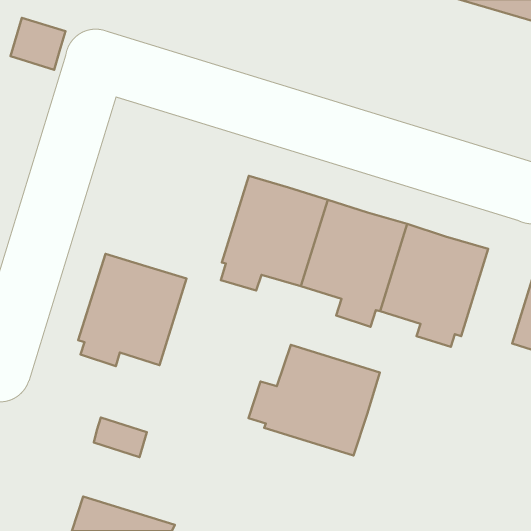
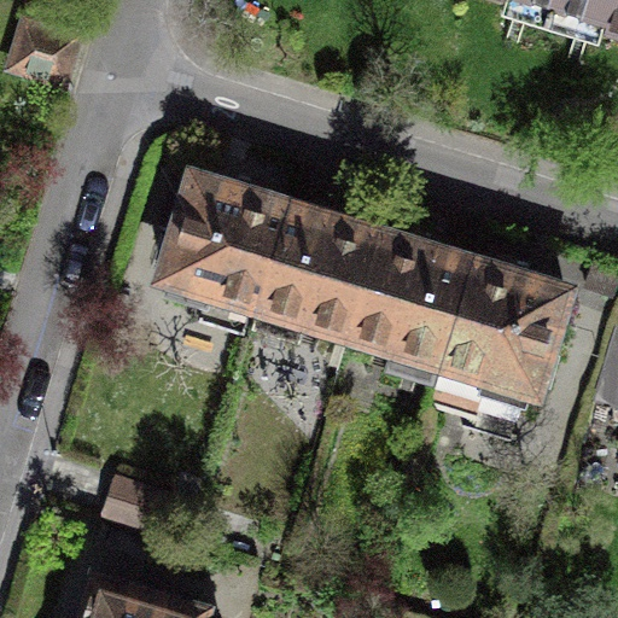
building: [78,254,187,366] -> [164,175,290,305]
building: [249,345,380,455] -> none

